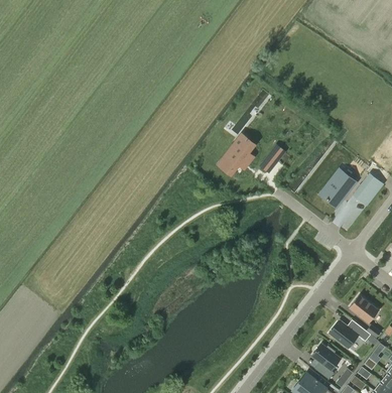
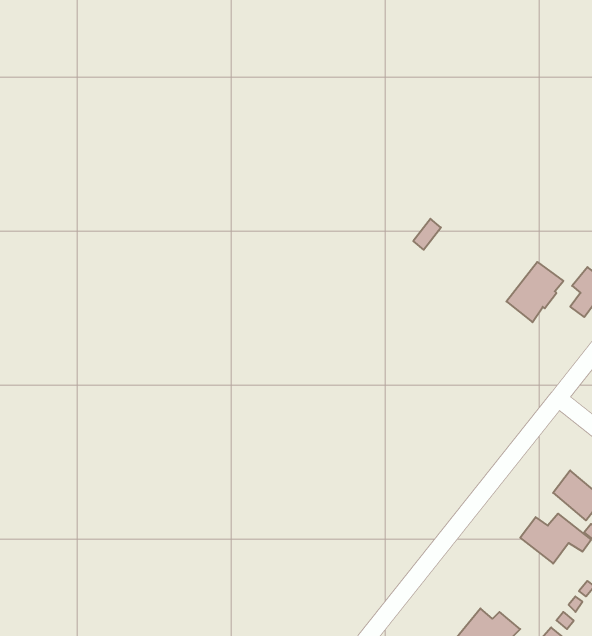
building: [220,135,254,171] -> none
building: [311,345,341,380] -> none

